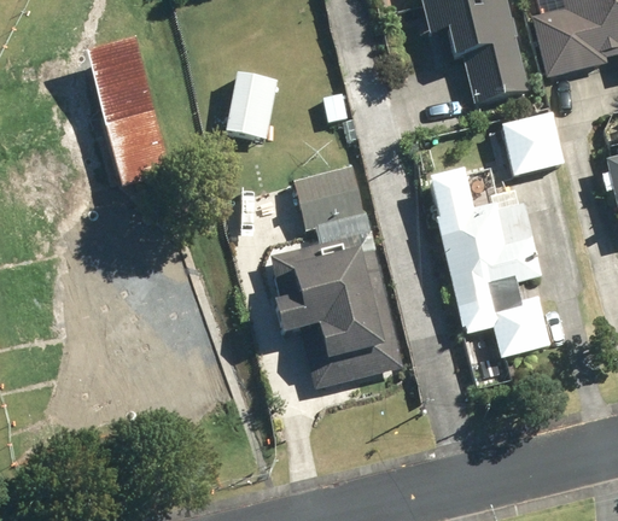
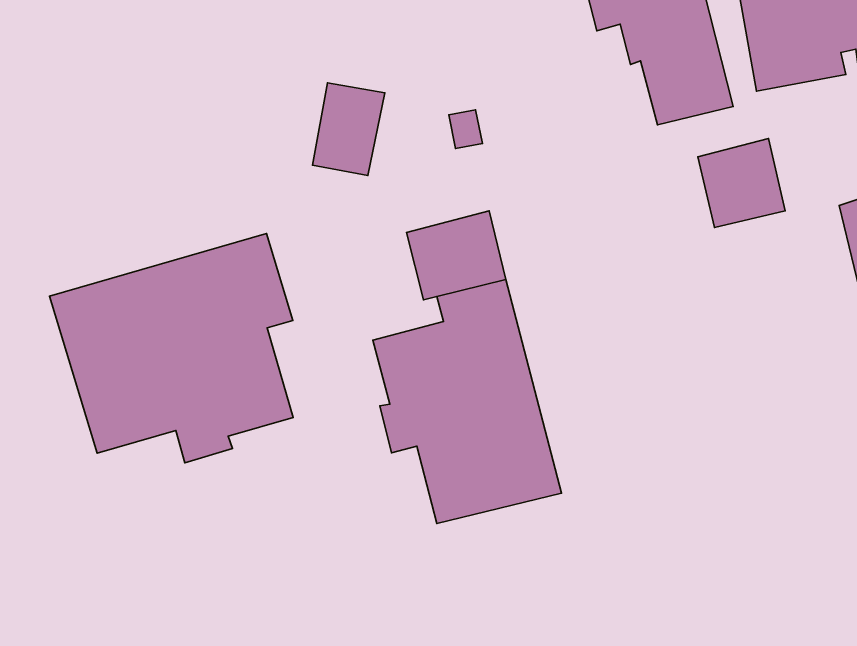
building: [87,35,171,177] -> none
building: [428,170,550,357] -> none
building: none -> [50,233,293,463]

